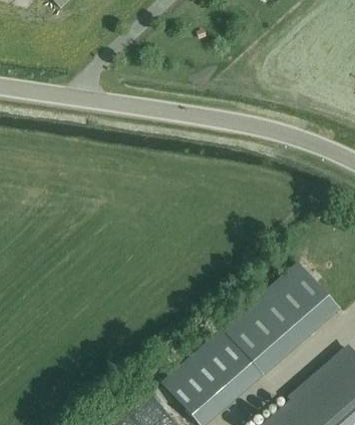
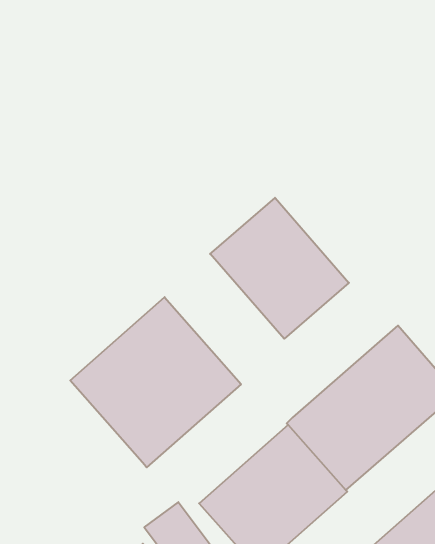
building: none -> [210,198,349,339]
building: none -> [70,297,241,467]

